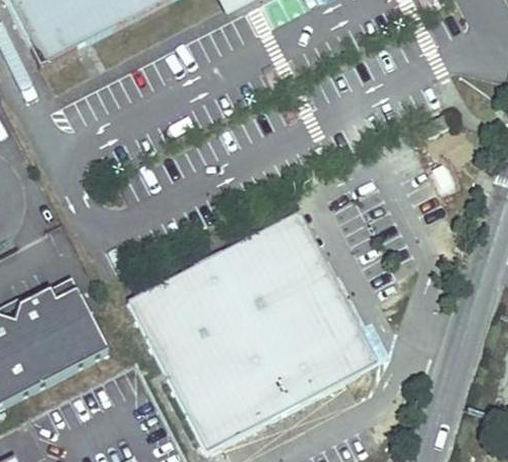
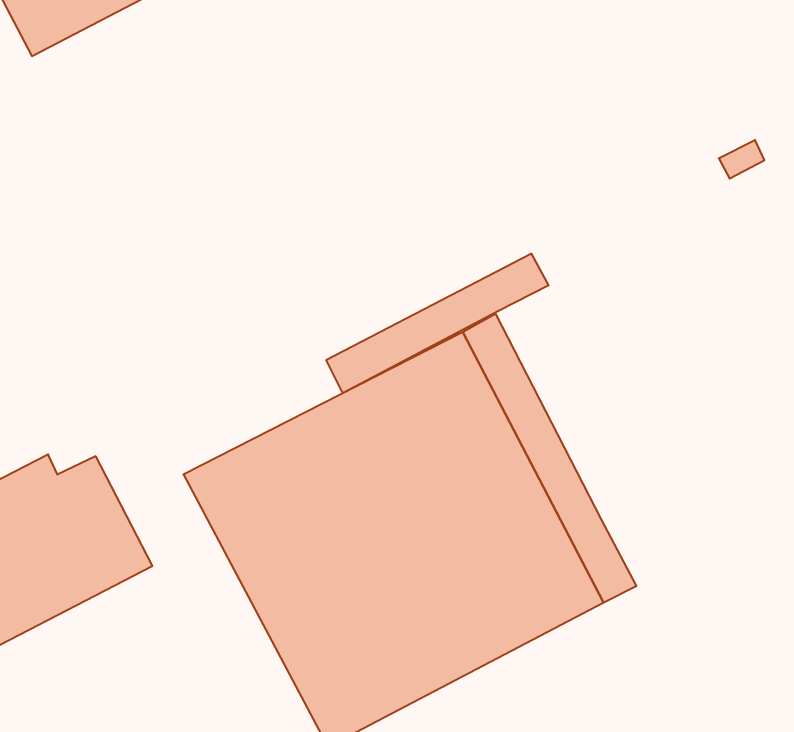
building: none -> [326,254,548,393]

